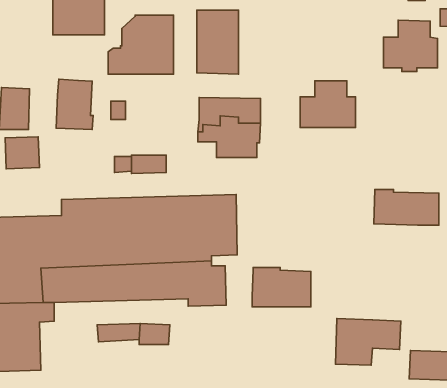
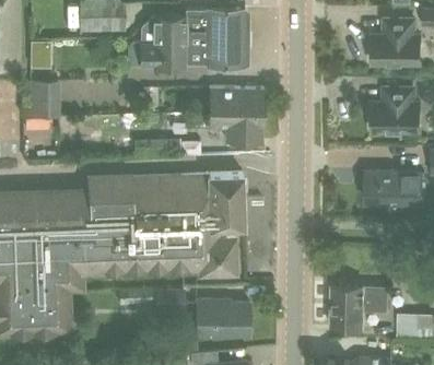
building: none -> [184,9,207,64]
building: [56,79,93,129] -> none
building: [300,81,355,128] -> [373,89,422,130]
building: [252,268,311,307] -> [196,299,248,334]

